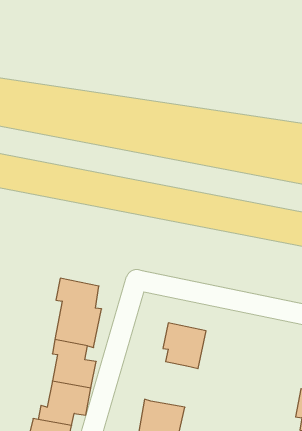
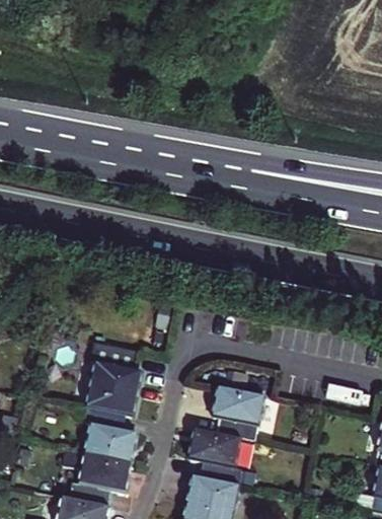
building: none -> [189,429,241,486]

